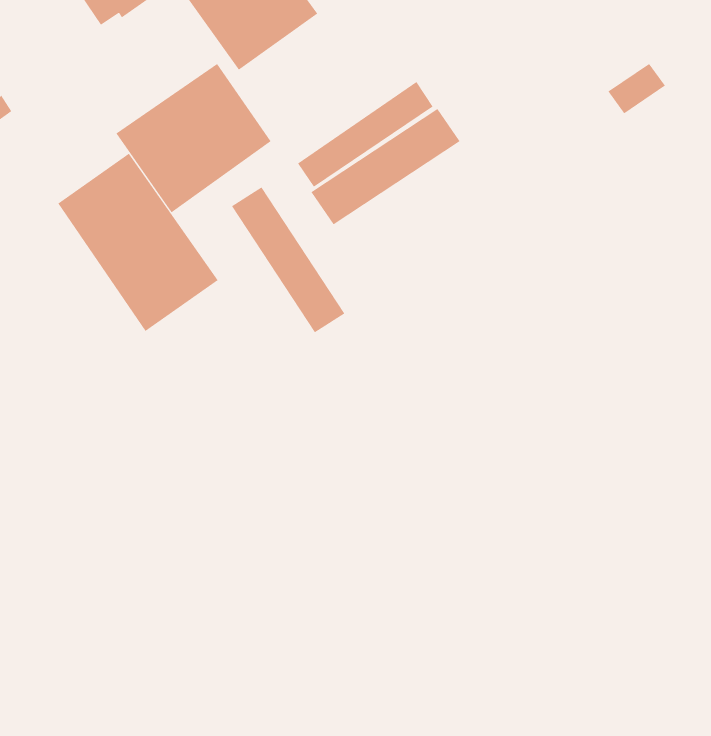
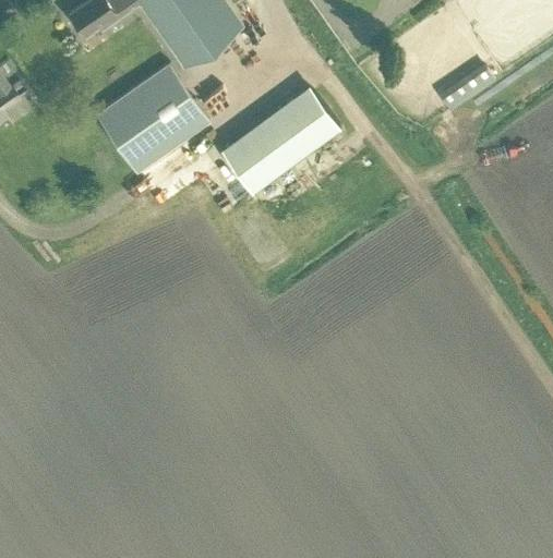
building: [57,153,219,332] -> none
building: [231,186,345,333] -> none

